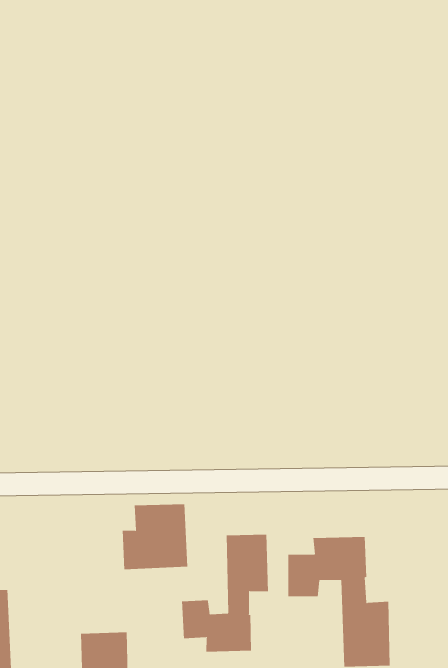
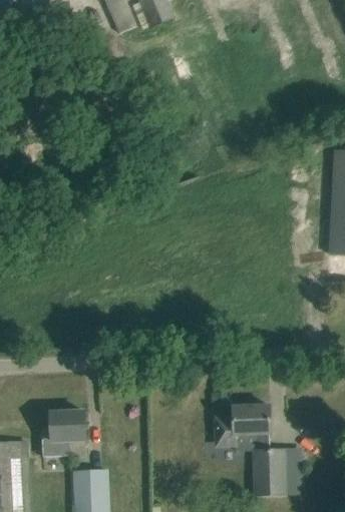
building: [122,504,188,570] -> [41,410,86,455]
building: [181,534,269,652] -> none

